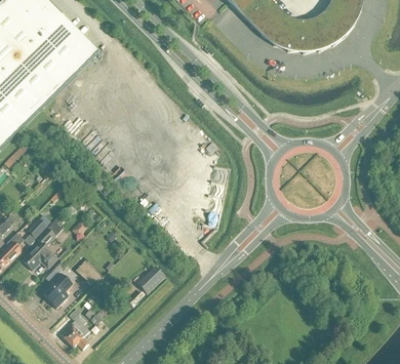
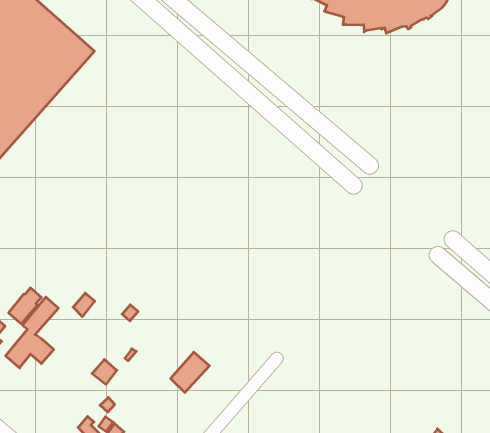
building: [42,271,71,307] -> none

